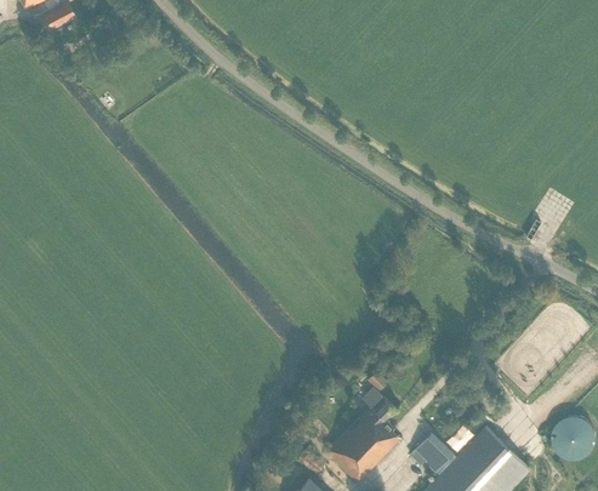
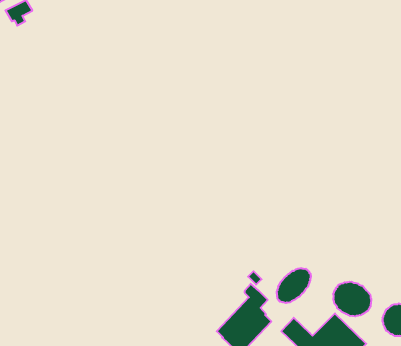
building: none -> [277,268,311,303]
building: none -> [333,282,371,316]

